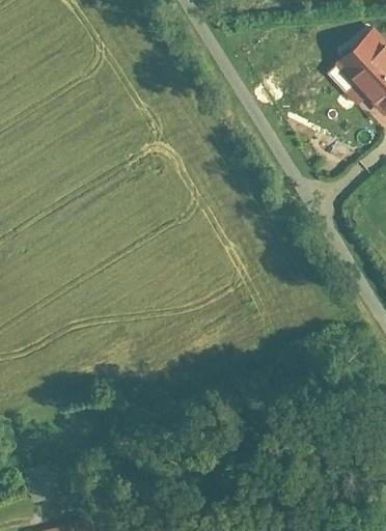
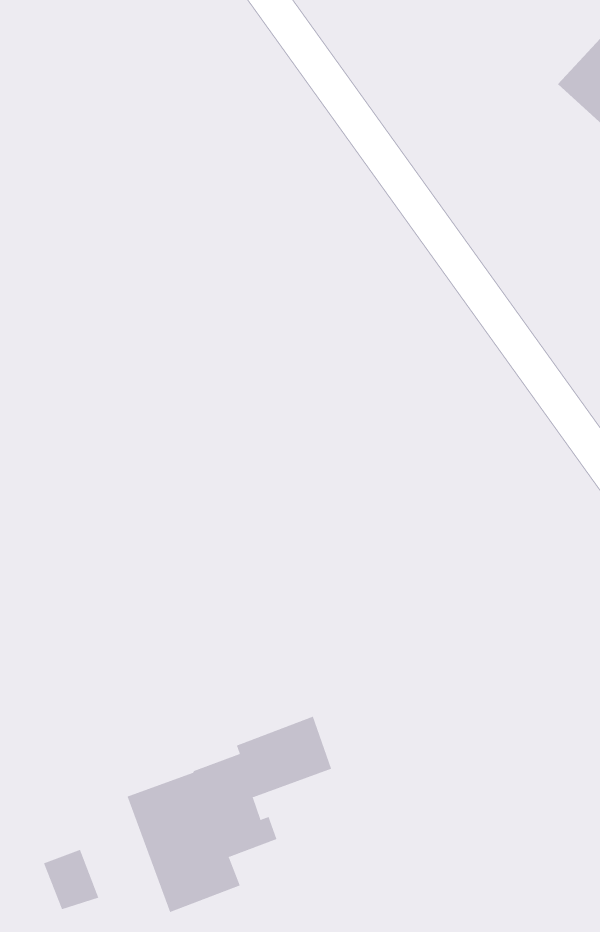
building: none -> [127,716,332,913]

